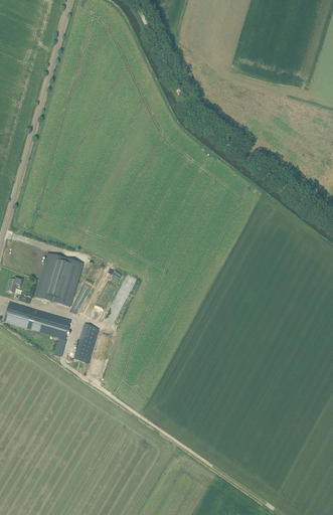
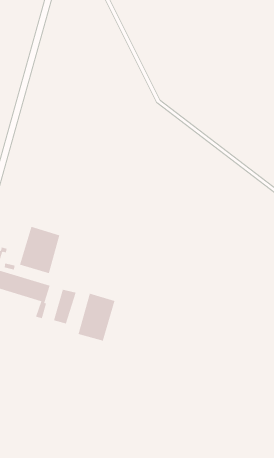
building: none -> [78,293,115,342]

